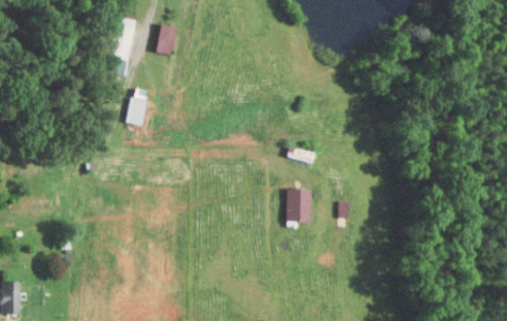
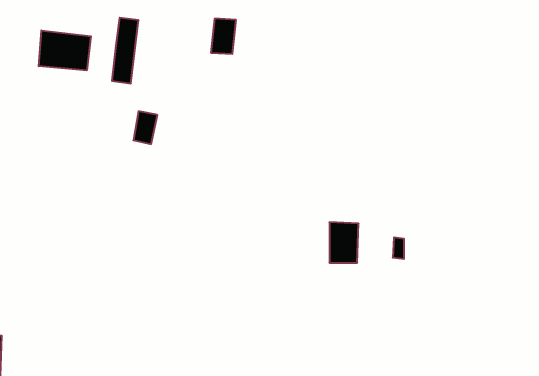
building: [155,25,175,54] -> [211,19,236,54]
building: none -> [39,30,91,70]

